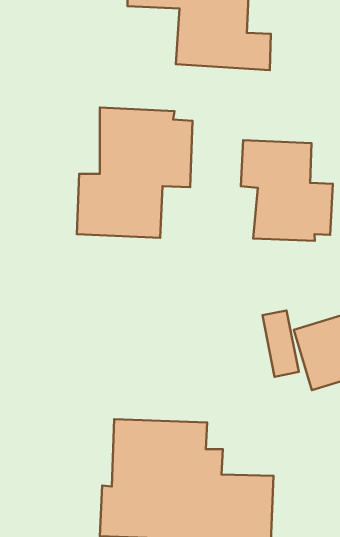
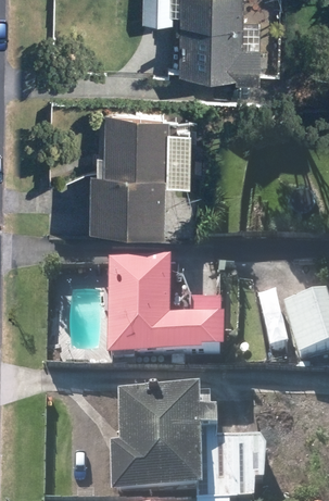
building: [241,140,333,241] -> none
building: none -> [107,259,224,354]

